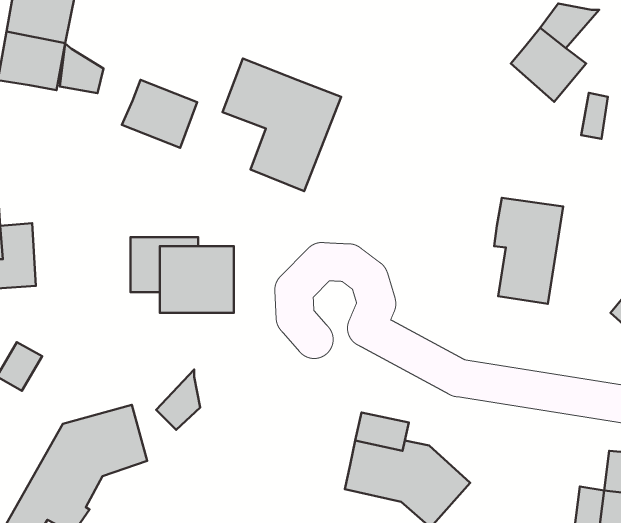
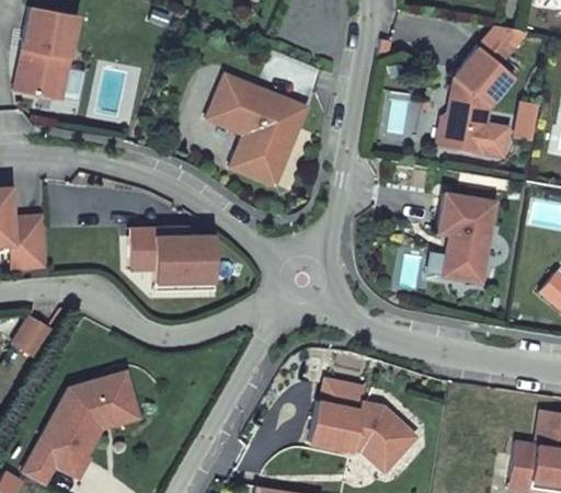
building: [60,44,103,93] -> none
building: none -> [435,77,511,158]
building: [122,80,197,148] -> none
building: [156,370,200,430] -> none

